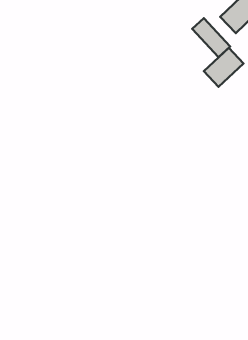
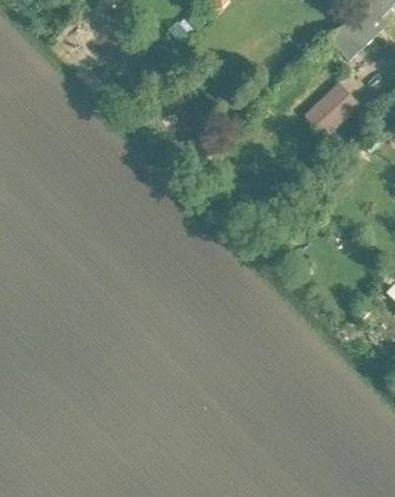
building: [192,18,230,57] -> none

